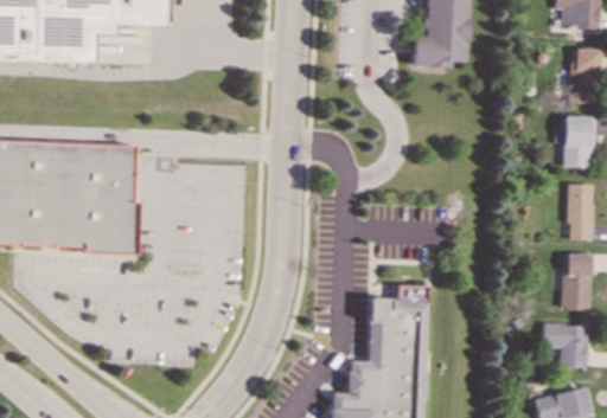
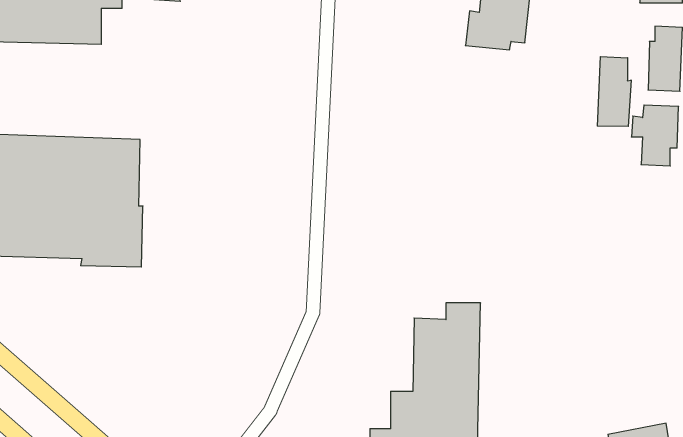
building: none -> [597,57,631,126]
building: [567,184,592,239] -> none
building: [562,253,589,308] -> none
building: [543,322,587,367] -> none

